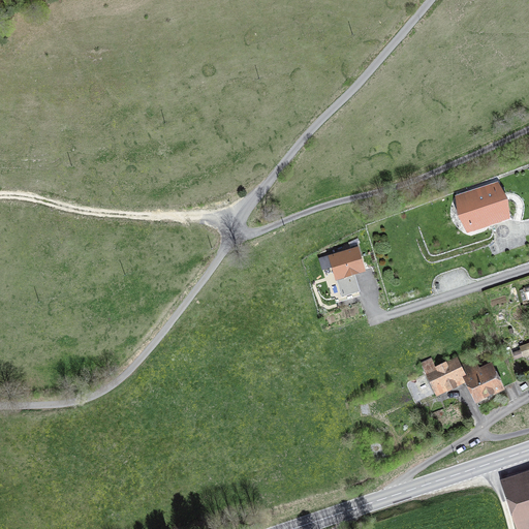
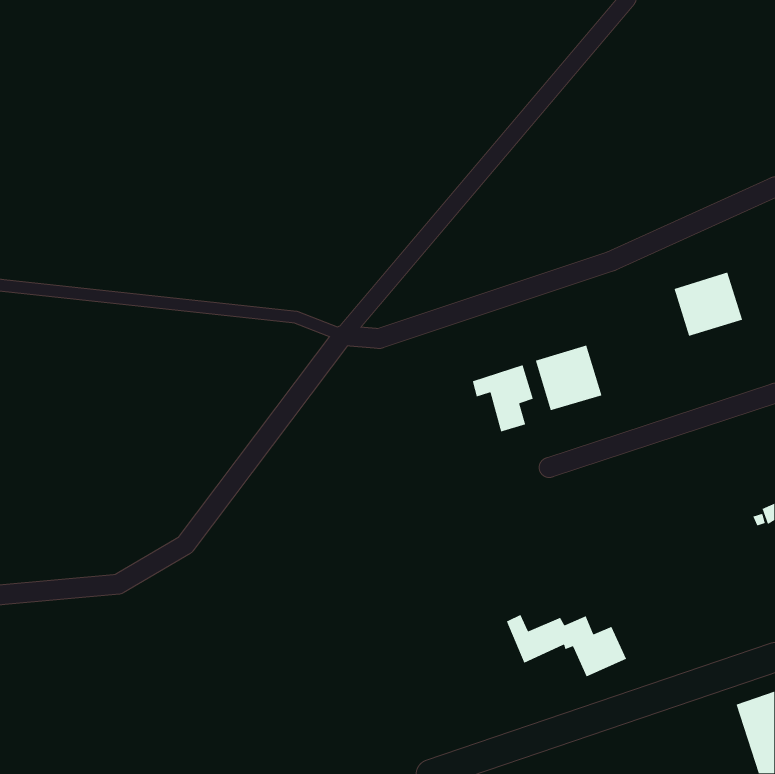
building: none -> [535,345,602,411]
building: [421,356,503,400] -> [506,614,627,677]

